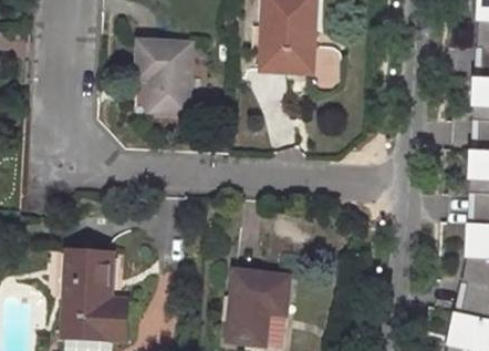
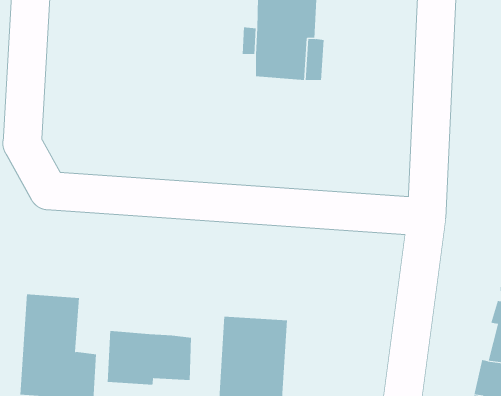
building: [126,41,191,112] -> none
building: none -> [107,330,192,386]

